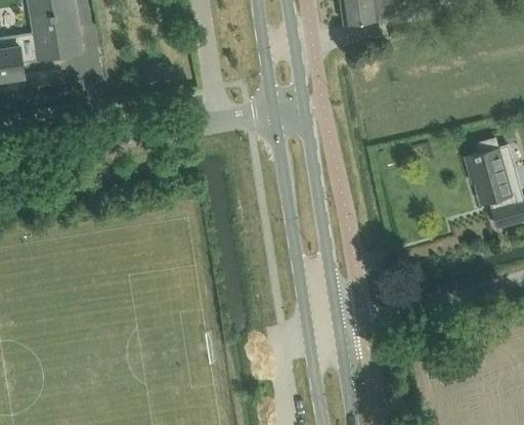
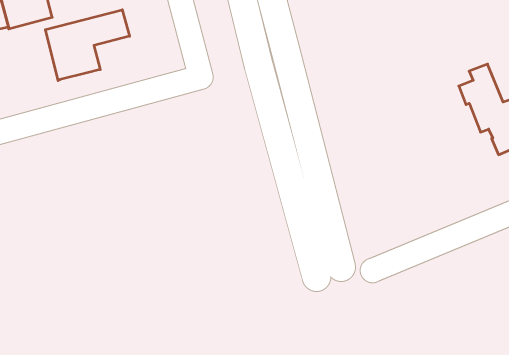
building: none -> [45,10,130,81]

